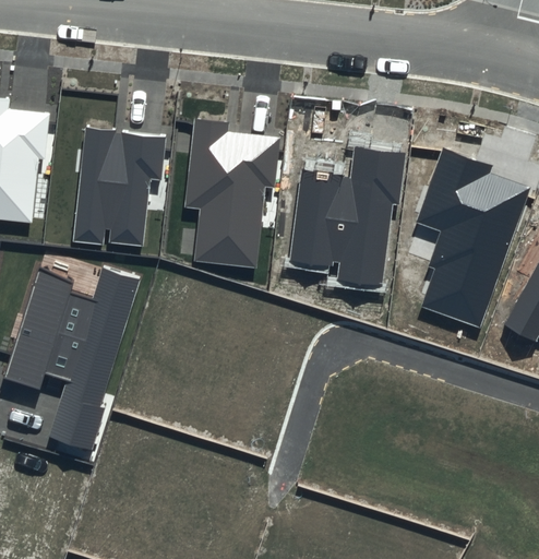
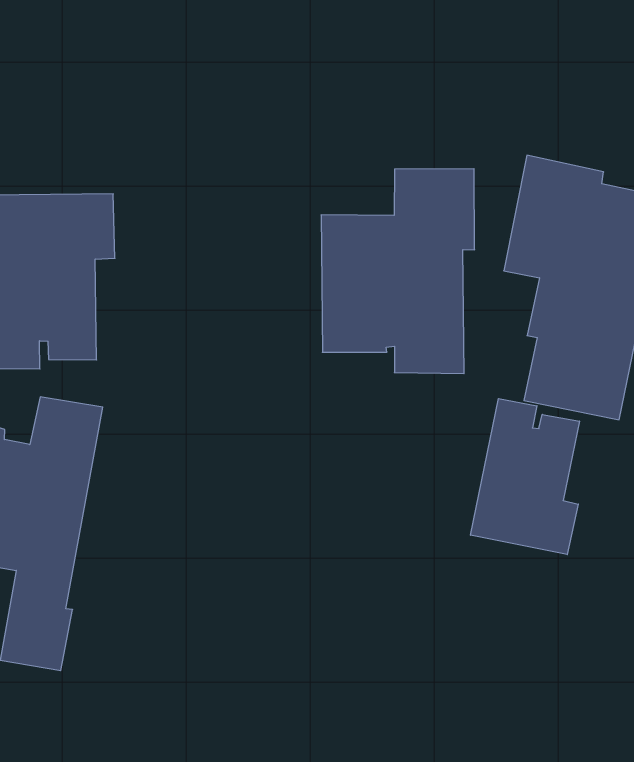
building: [182,119,279,270] -> none
building: none -> [471,399,579,555]

